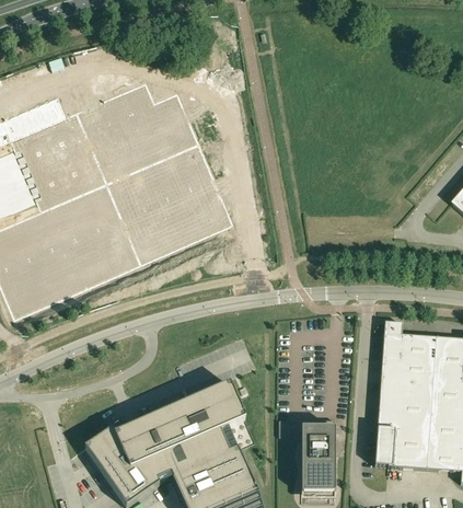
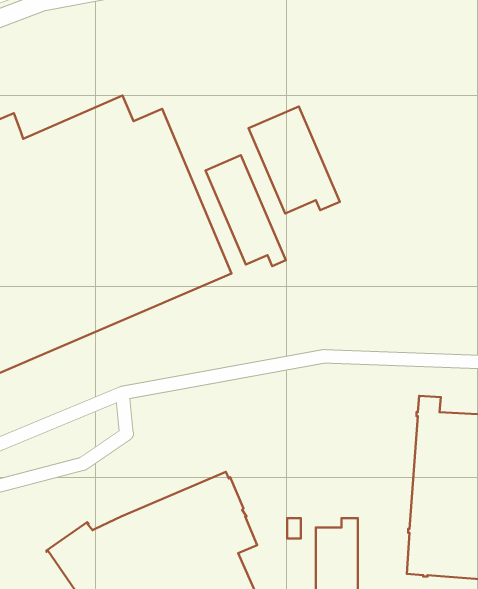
building: none -> [248,107,340,213]
building: none -> [205,155,286,266]

